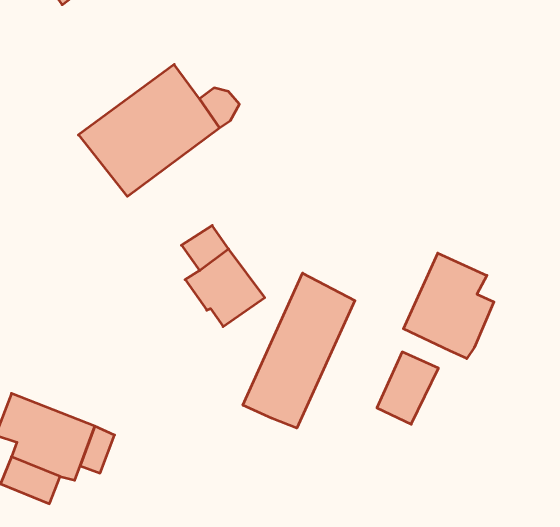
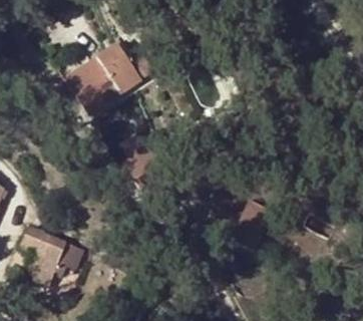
building: [403,253,494,359] -> none
building: [243,273,355,428] -> none

